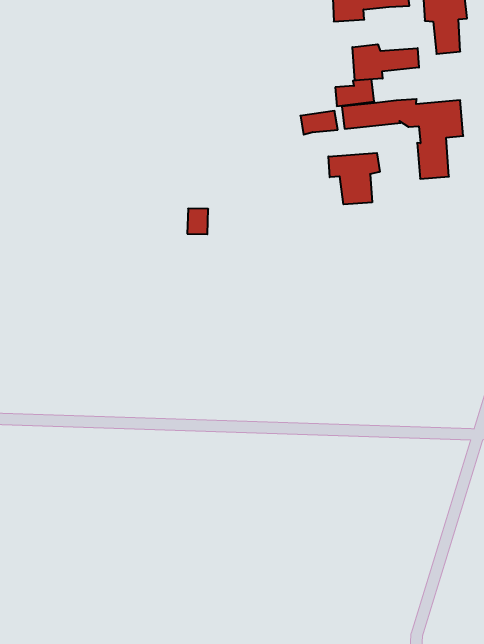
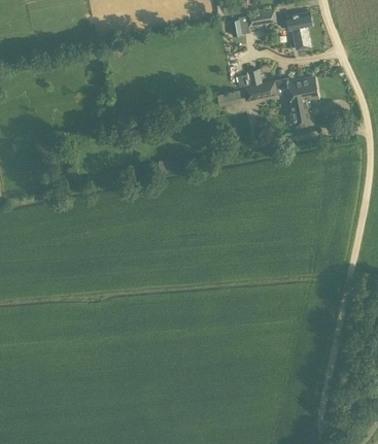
building: [352,44,419,80] -> none
building: [328,153,380,204] -> none

